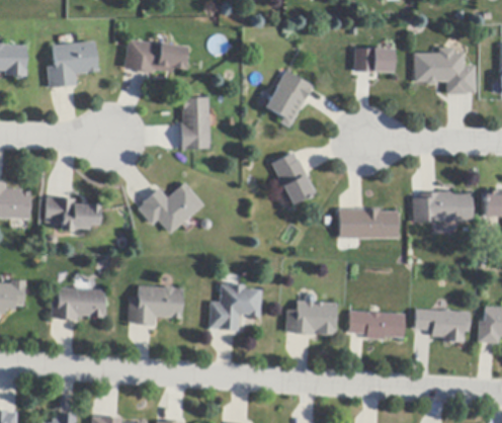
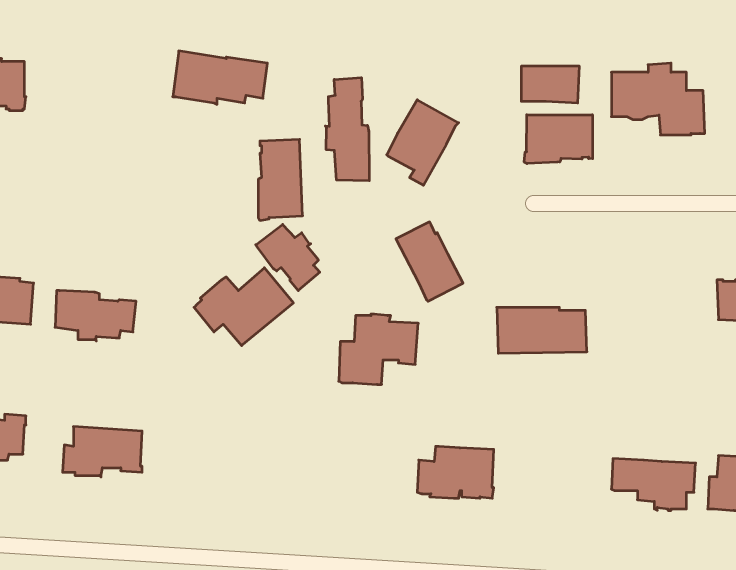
building: [47,41,98,88] -> none
building: none -> [325,78,369,181]
building: none -> [524,115,593,164]
building: none -> [256,224,320,291]
building: [412,191,472,222] -> none
building: [208,283,261,330] -> [339,314,418,384]
building: [128,285,182,326] -> none
building: [348,311,404,339] -> none

